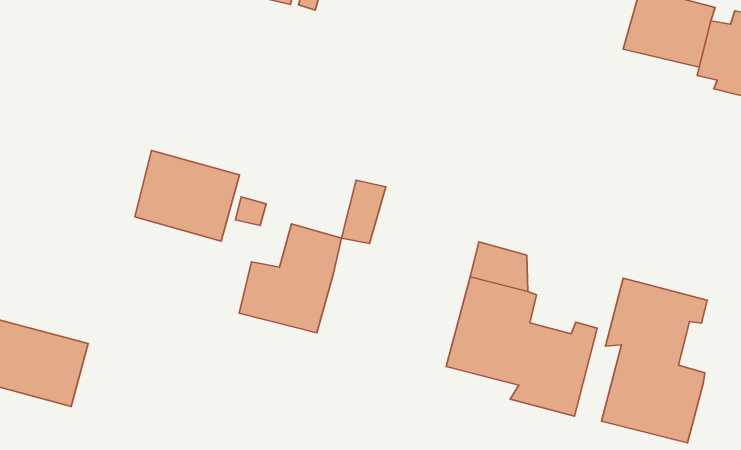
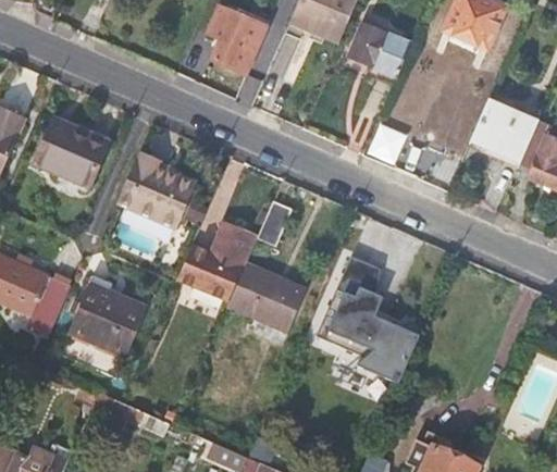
building: none -> [35,117,108,185]
building: none -> [227,262,308,332]
building: [601,278,707,443] -> none
building: none -> [69,280,148,357]

